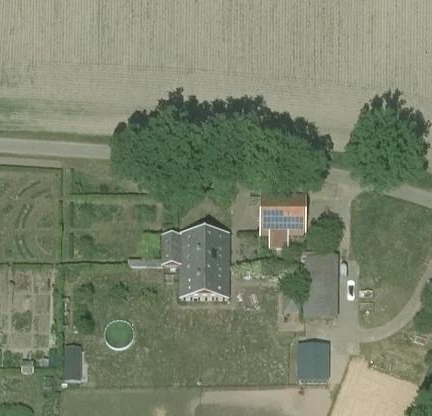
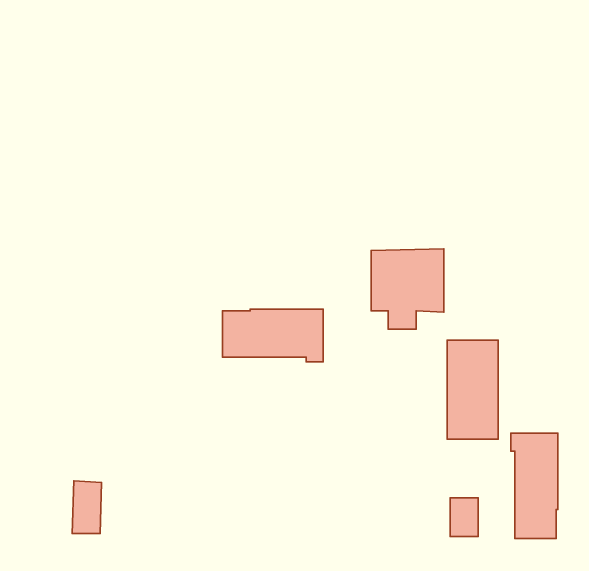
building: [179,262,227,295] -> none
building: none -> [511,433,558,538]

